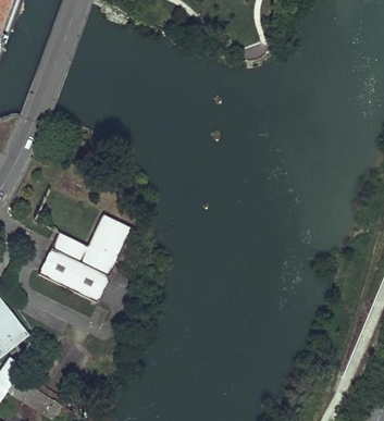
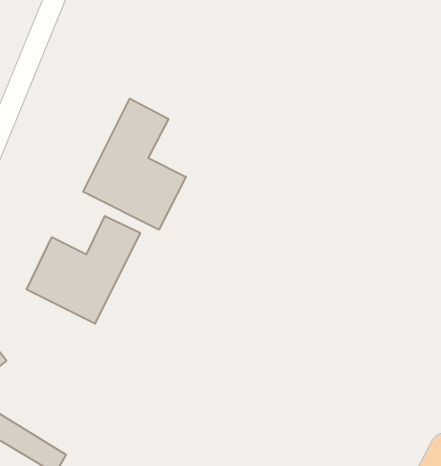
building: none -> [83,99,186,230]

